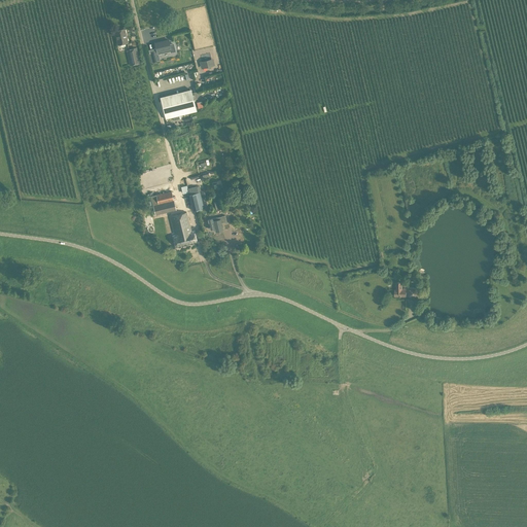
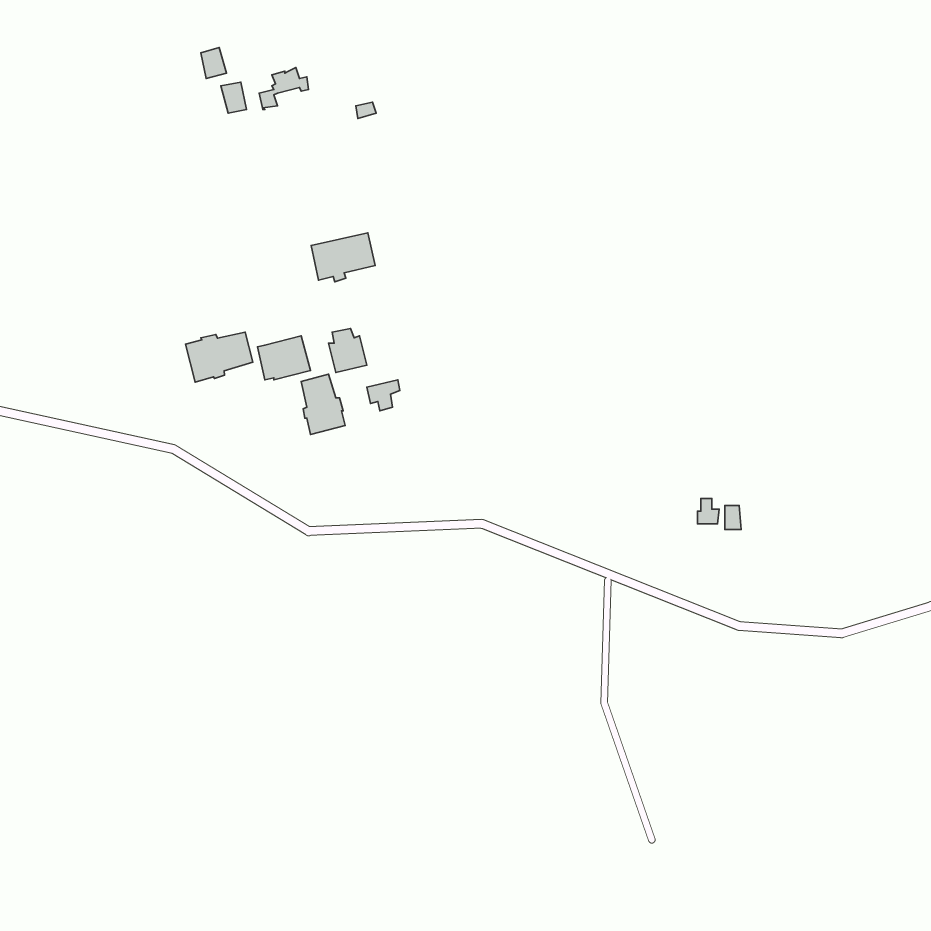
building: [160,92,196,119] -> [311,233,375,282]
building: none -> [185,332,253,382]

